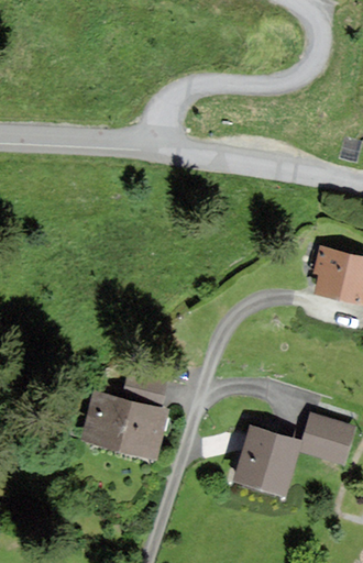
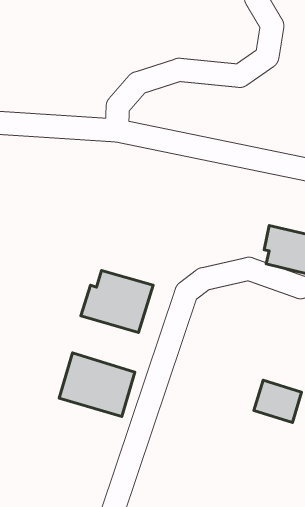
building: none -> [81,271,153,333]
building: [234,429,297,494] -> none

